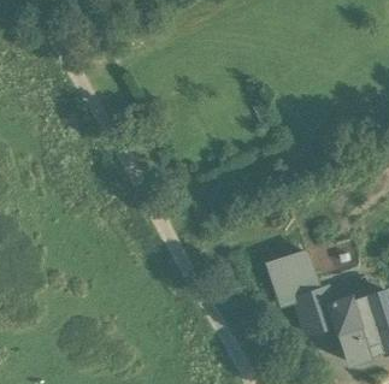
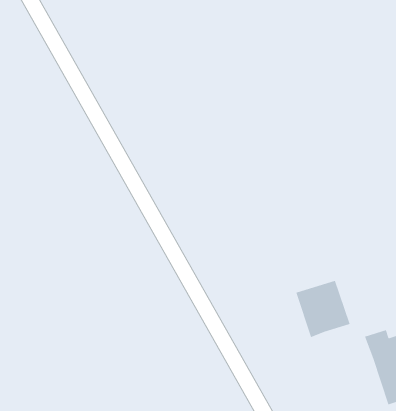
building: [295,289,337,332] -> none

